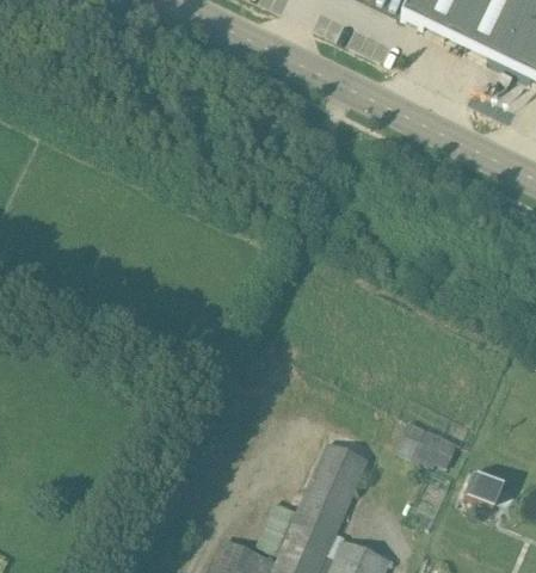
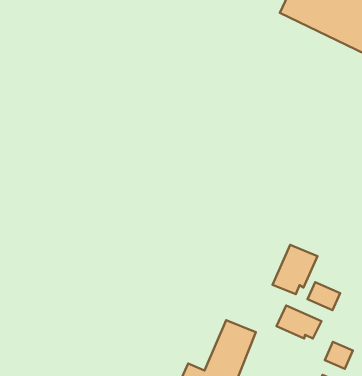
building: none -> [272,245,317,294]
building: none -> [307,282,340,310]

